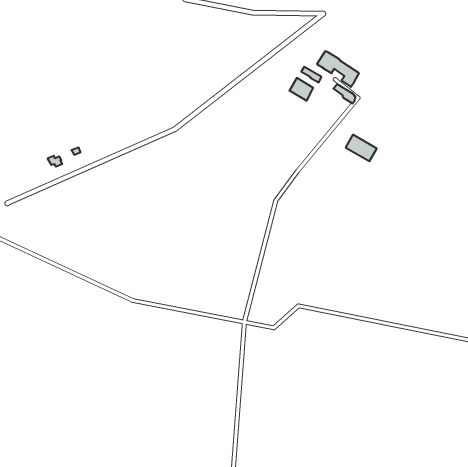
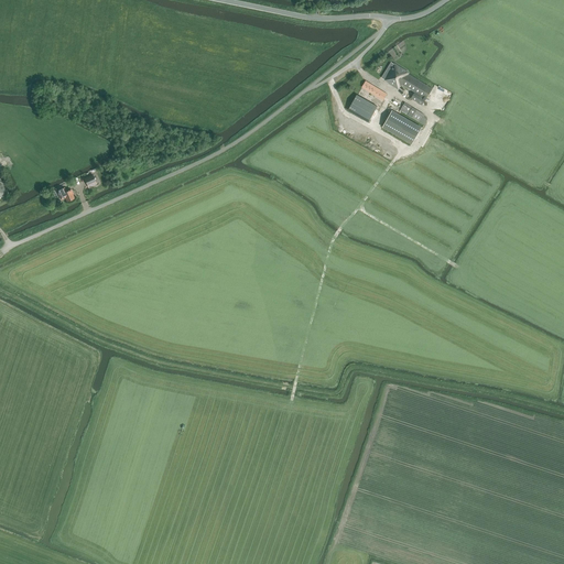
building: [346,135,377,161] -> [383,110,421,142]

